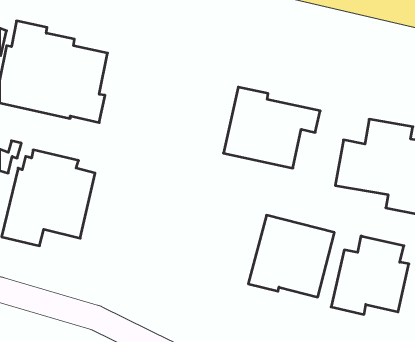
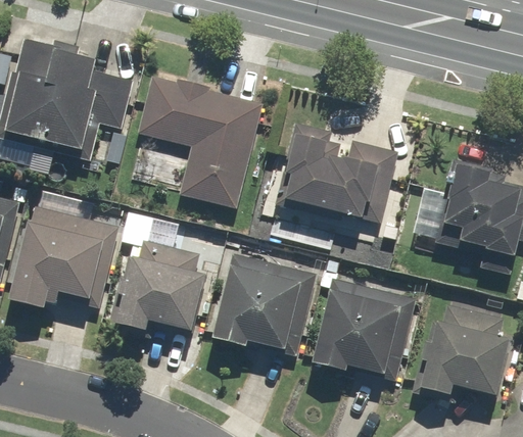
building: none -> [141,74,262,207]
building: none -> [109,237,204,336]
building: none -> [211,254,318,353]

